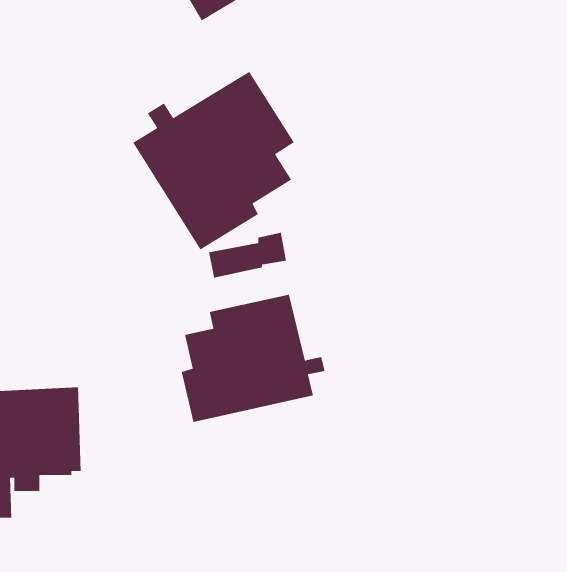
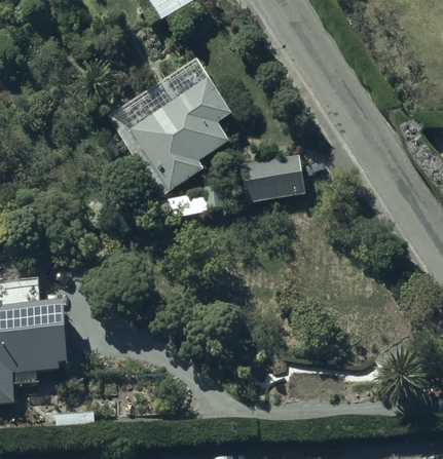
building: none -> [239,155,305,202]
building: [181,294,325,423] -> none

